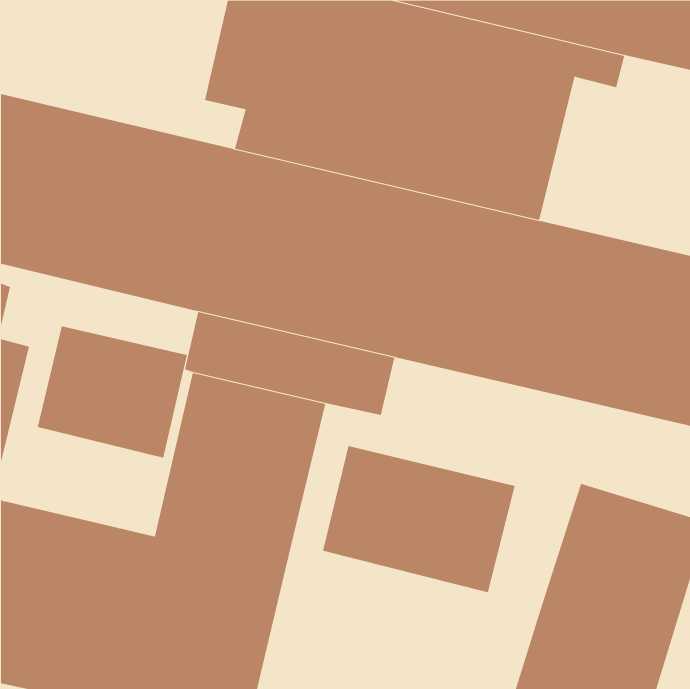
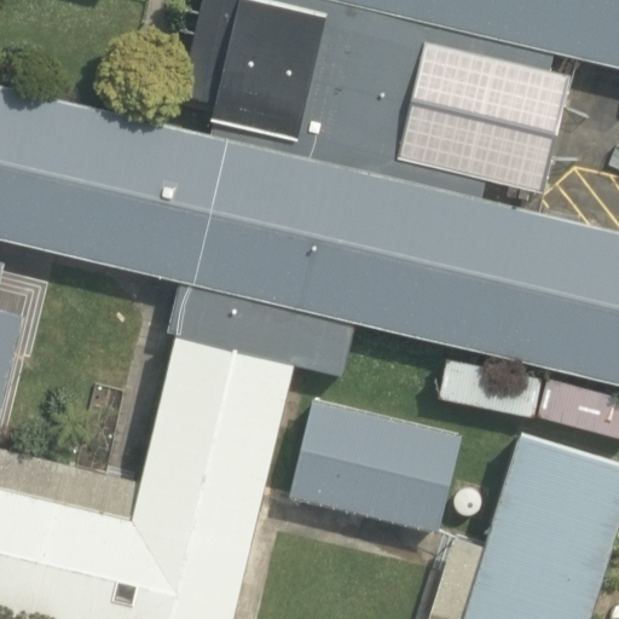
building: [37,325,187,459] -> none

